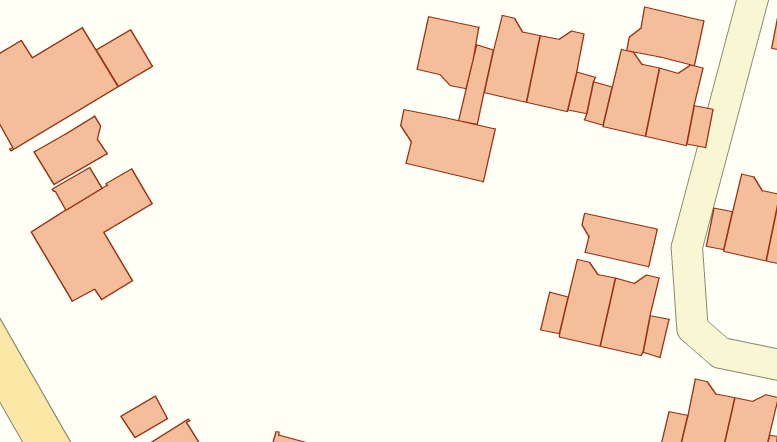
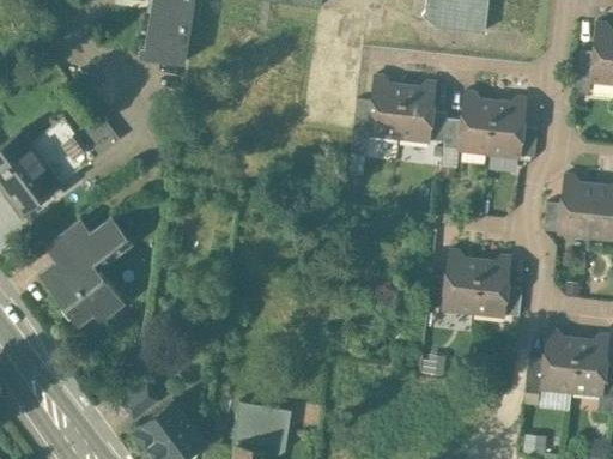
building: [627,7,704,66] -> none
building: [417,17,479,89] -> none
building: [401,110,495,182] -> none
building: [34,116,107,185] -> none
building: [582,213,657,267] -> none

